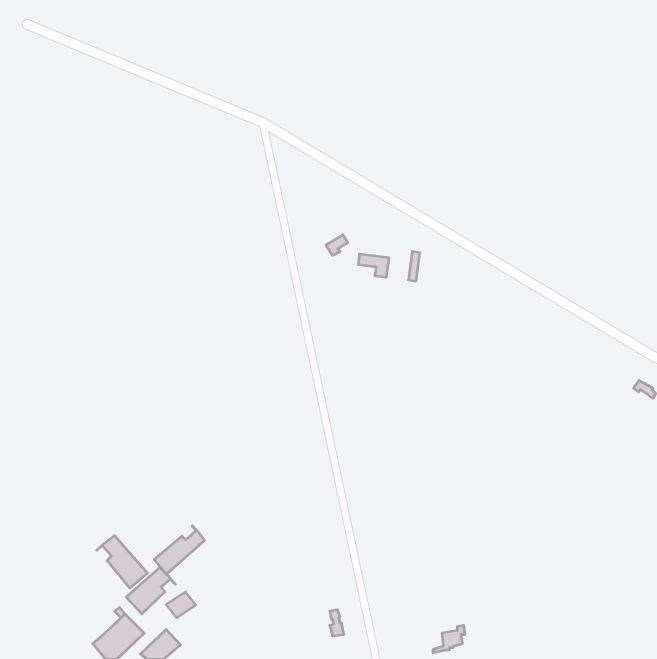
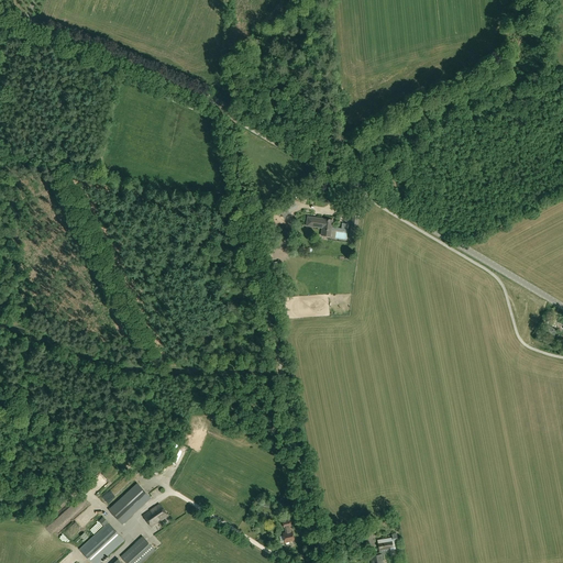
building: [154,526,204,574] -> none
building: [97,536,148,588] -> none

